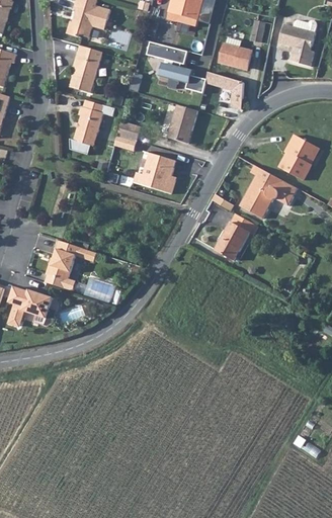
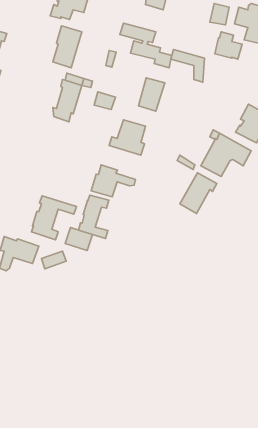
building: [220,36,251,68] -> [215,32,242,59]
building: none -> [91,165,135,197]
building: none -> [79,195,109,238]

